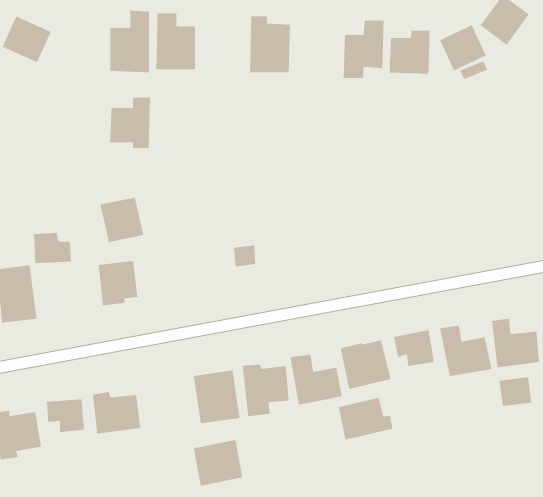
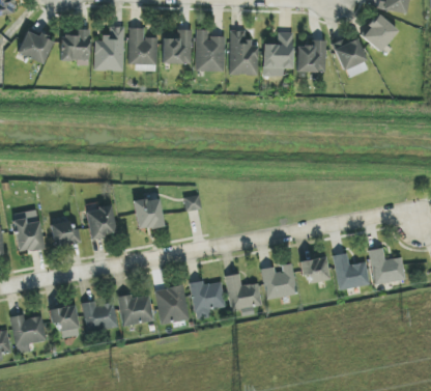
building: none -> [161,29,192,63]
building: none -> [228,29,258,75]
building: [109,97,151,149] -> [59,27,89,64]
building: [99,197,144,243] -> [132,196,164,229]
building: [33,232,72,264] -> [51,222,79,245]
building: [499,376,532,407] -> none
building: [338,397,393,441] -> none
building: [193,439,243,487] -> [117,291,153,326]

